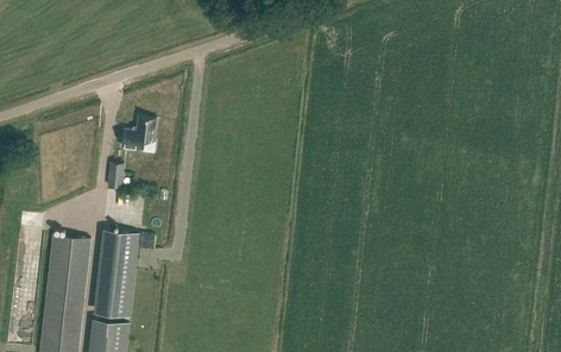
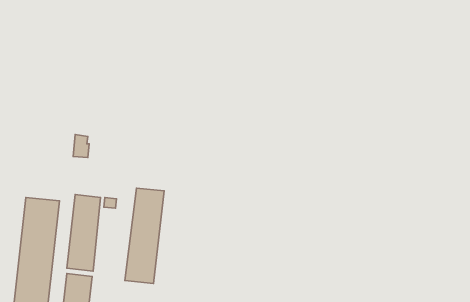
building: [120,112,155,145] -> none
building: none -> [125,188,164,283]

